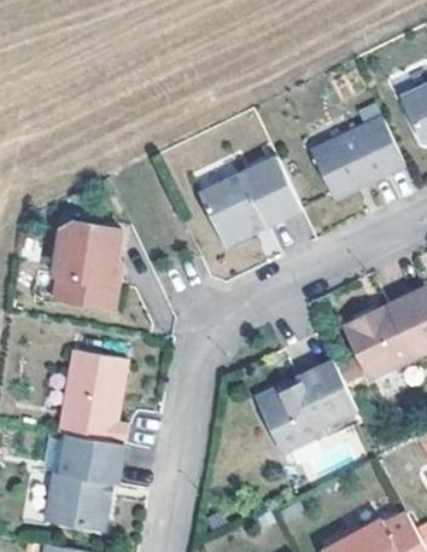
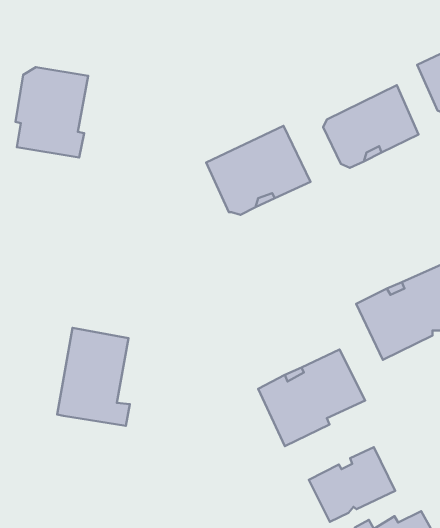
building: [53,219,122,304] -> [16,67,88,157]
building: [48,430,125,523] -> none
building: none -> [309,447,395,522]

